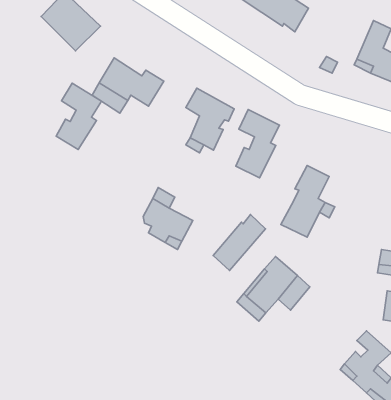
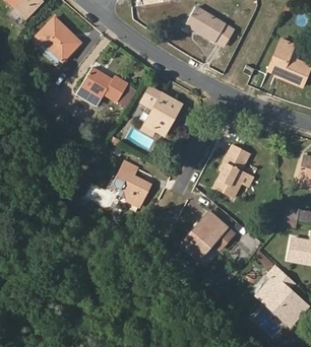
building: [56,83,102,150] -> none
building: [236,110,279,178] -> none
building: [213,214,265,271] -> none

